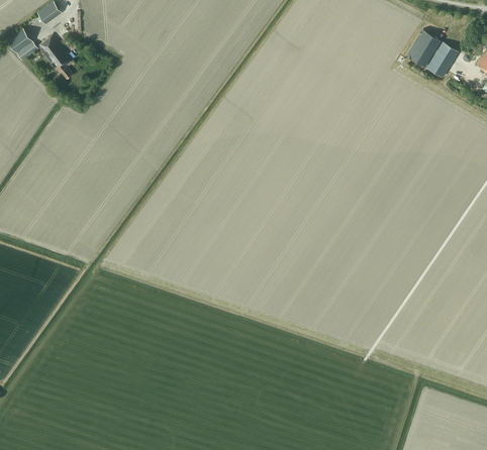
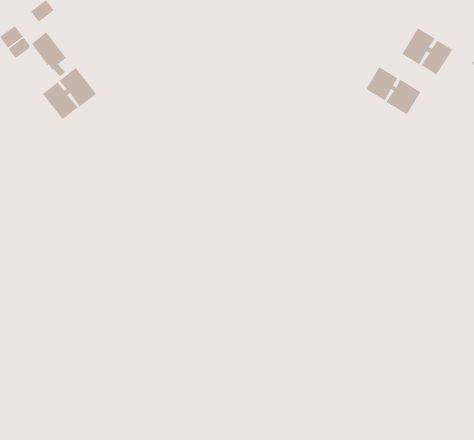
building: none -> [366,66,421,115]
building: none -> [42,67,97,120]

